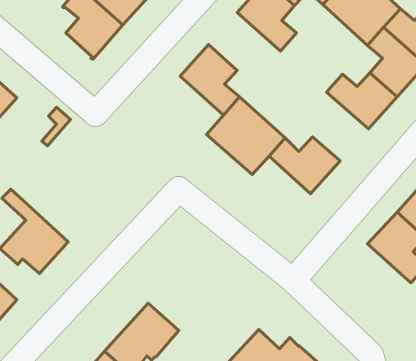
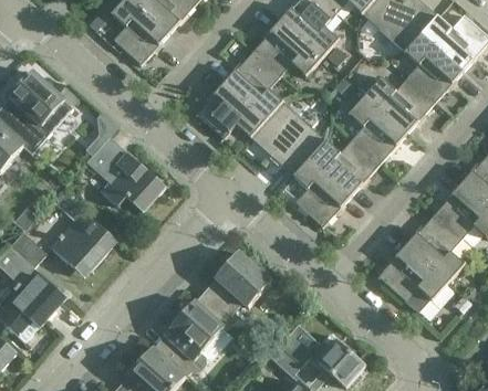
building: none -> [251,20,321,76]
building: none -> [194,82,266,138]
building: none -> [350,97,406,163]
building: none -> [86,139,166,214]
building: none -> [293,159,350,228]
building: none -> [376,244,447,302]
building: none -> [193,252,270,330]

